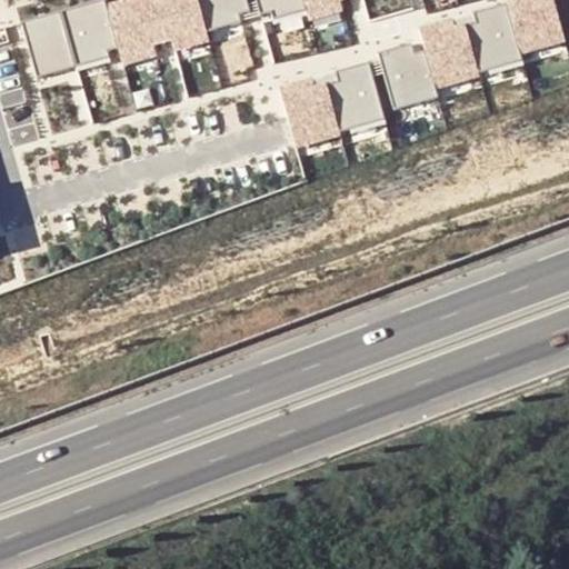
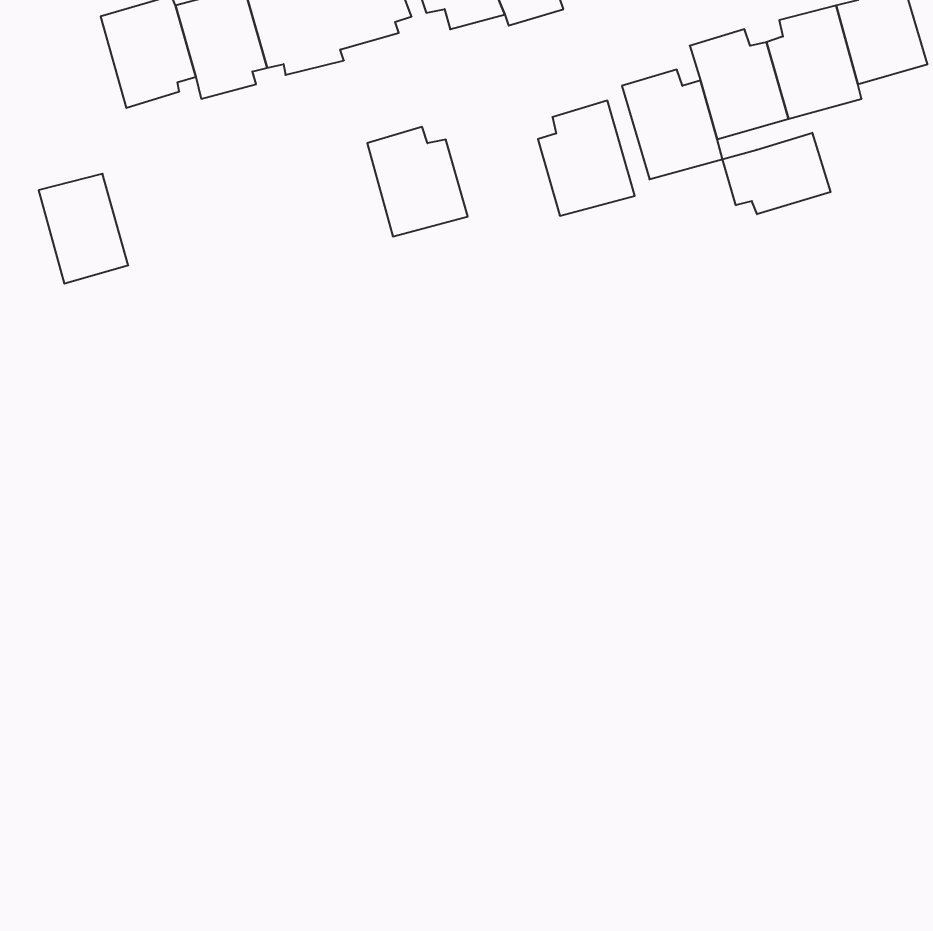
building: [23,10,78,77] -> [39,174,128,284]
building: [280,77,341,143] -> [367,127,468,236]
building: none -> [723,133,831,214]

